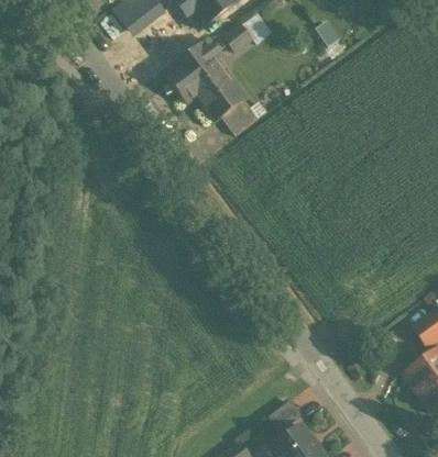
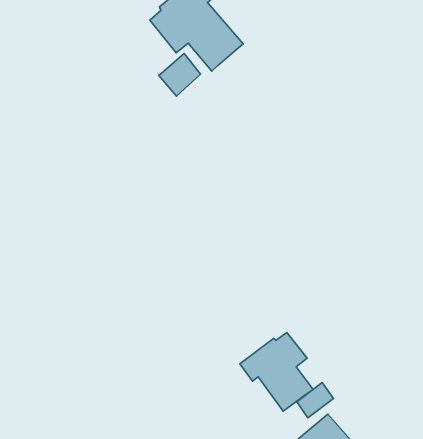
building: [222,99,259,135] -> [159,54,201,96]
building: none -> [240,333,313,411]

